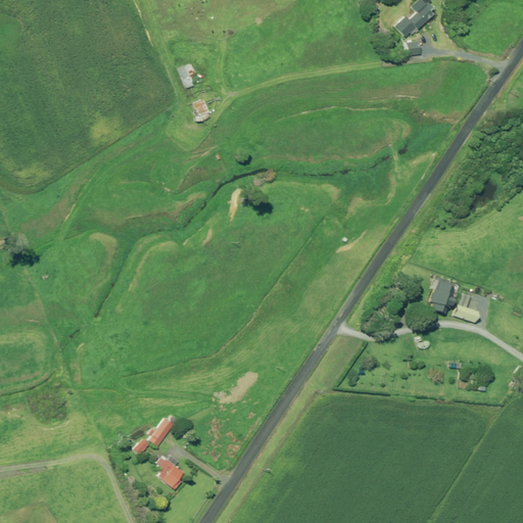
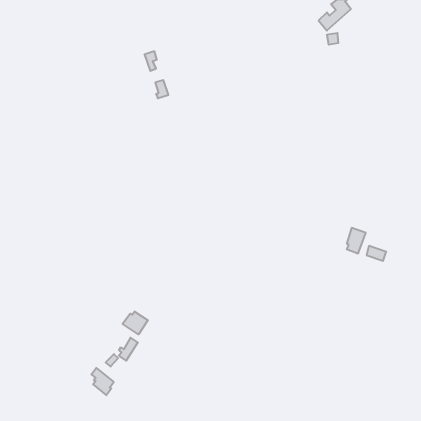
building: none -> [123,311,148,334]
building: [156,456,184,489] -> [91,368,114,395]

